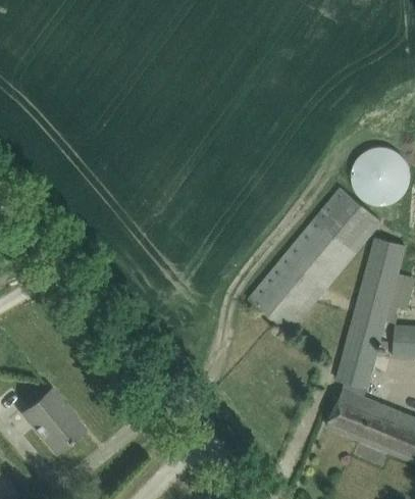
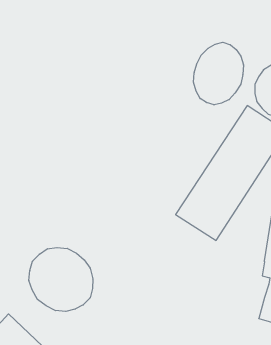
building: none -> [193,42,243,105]
building: none -> [29,248,93,311]

